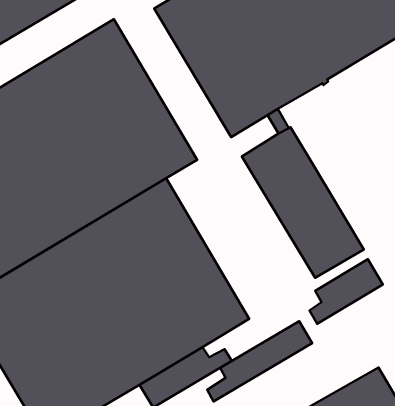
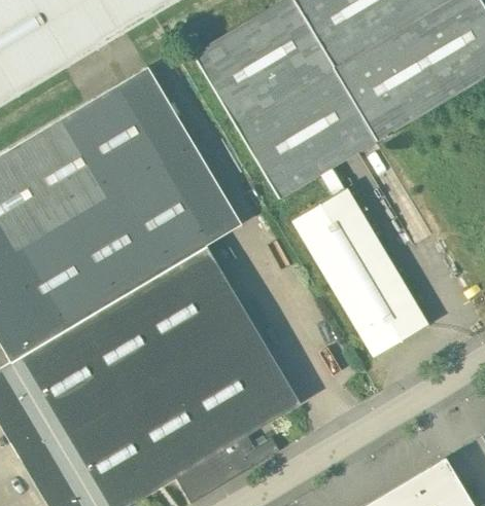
building: [309,259,383,324] -> none
building: [207,321,312,401] -> none

